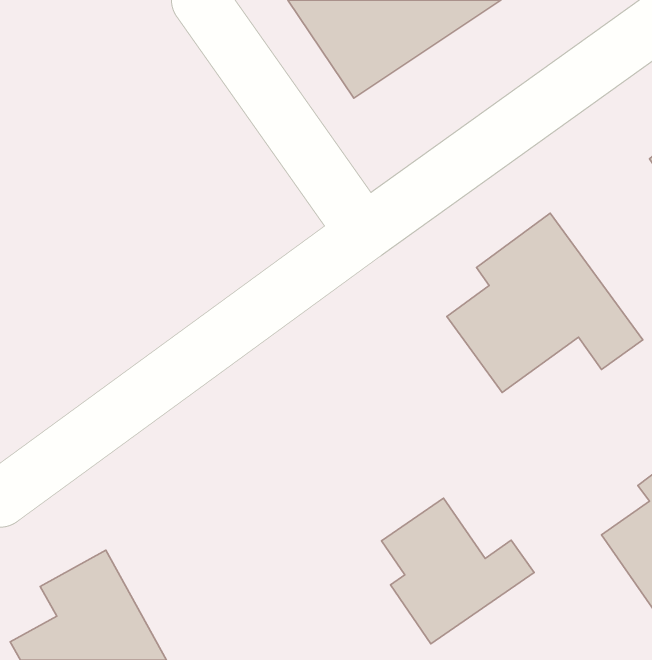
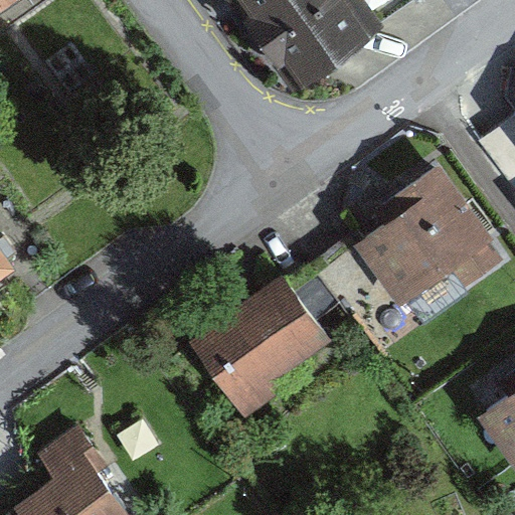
building: none -> [190,275,333,411]
building: [382,498,534,644] -> none

